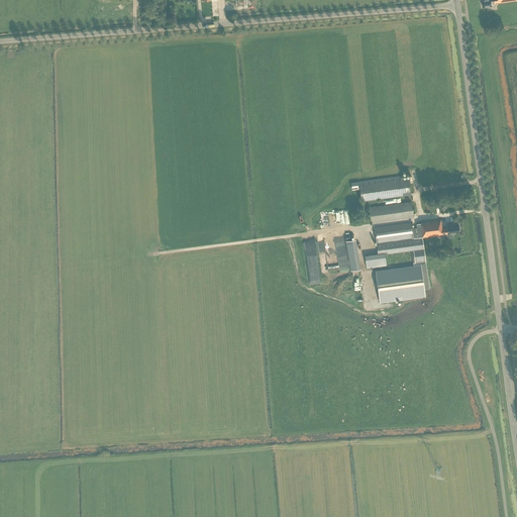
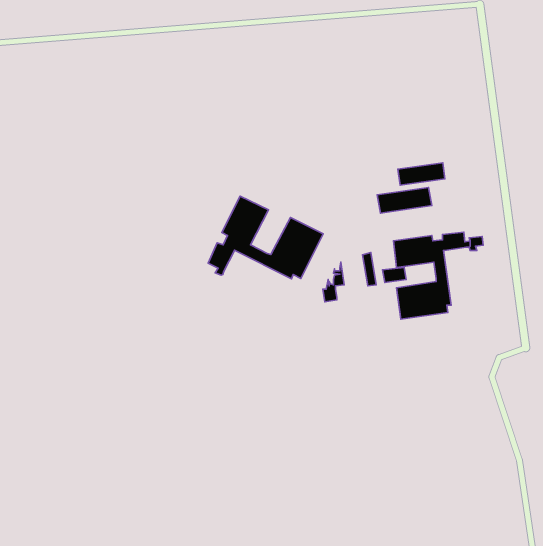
building: none -> [208,196,323,279]
building: [367,201,411,222] -> [398,163,445,185]

